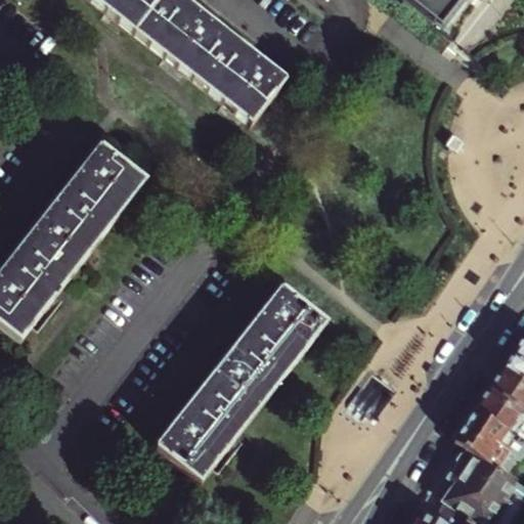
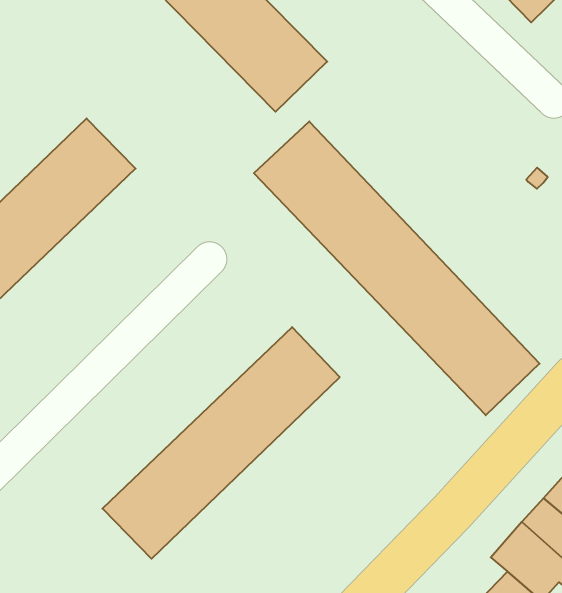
building: none -> [254,121,540,415]

